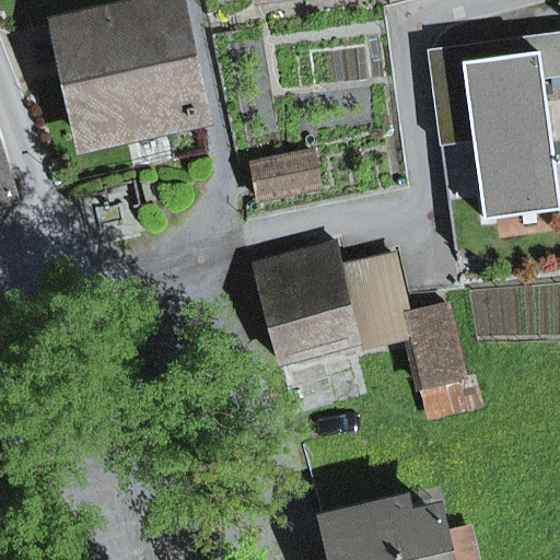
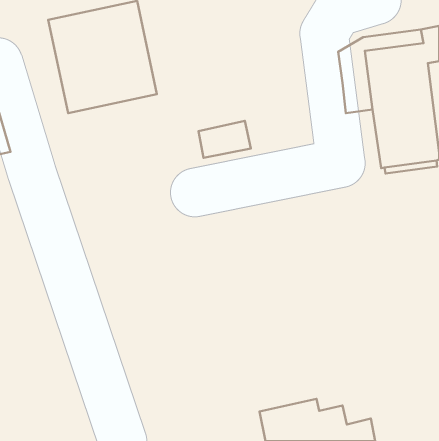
building: [256,245,464,387] -> none

